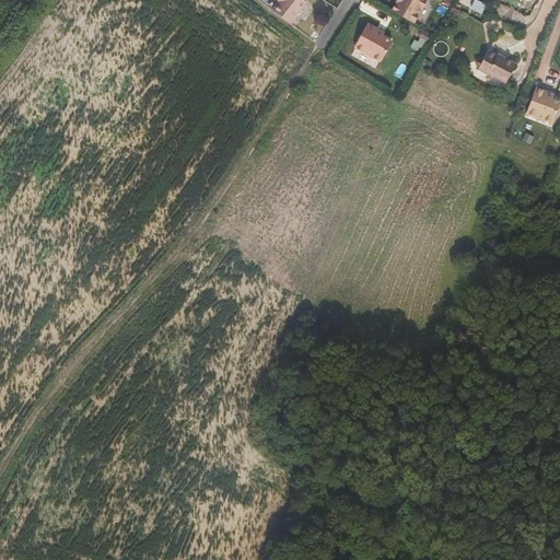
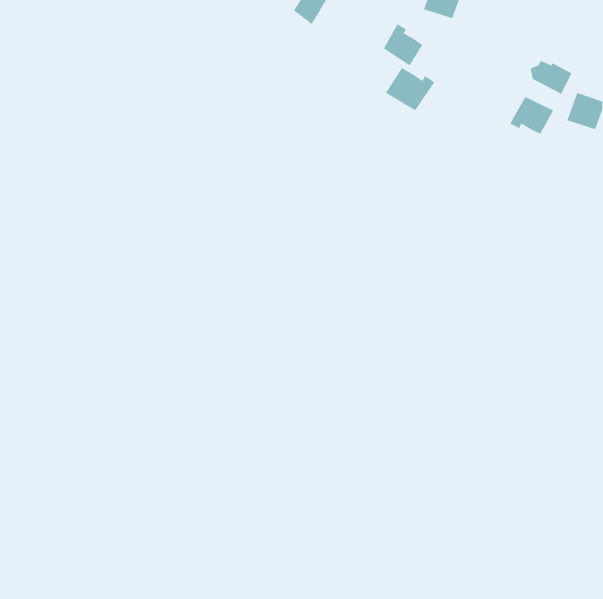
building: none -> [385,67,435,111]
building: none -> [510,96,554,135]

